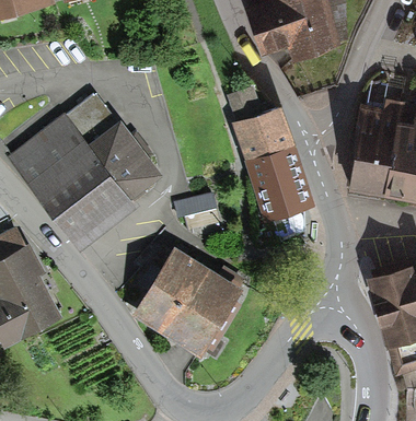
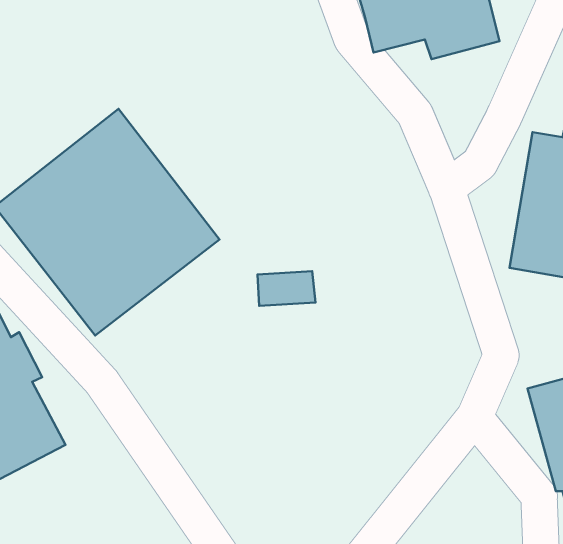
building: [234,83,313,213] -> none
building: [131,247,240,354] -> none

